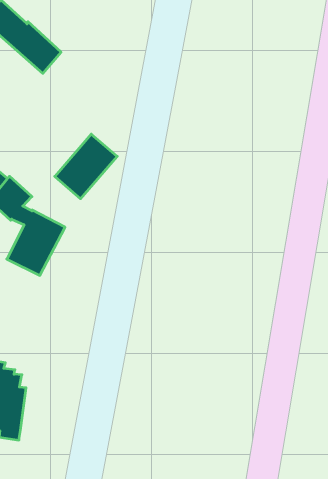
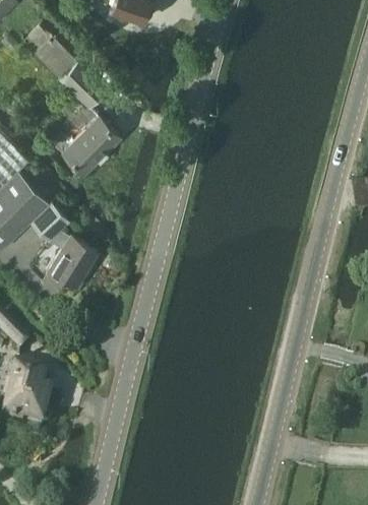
building: [55,134,117,199] -> [61,114,120,173]

